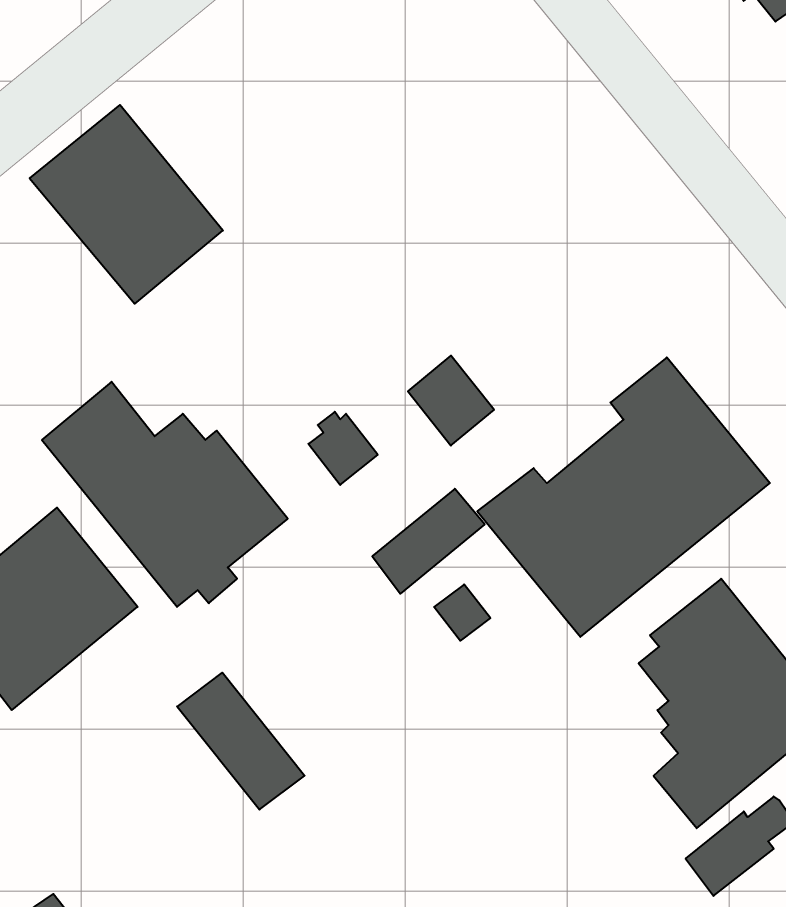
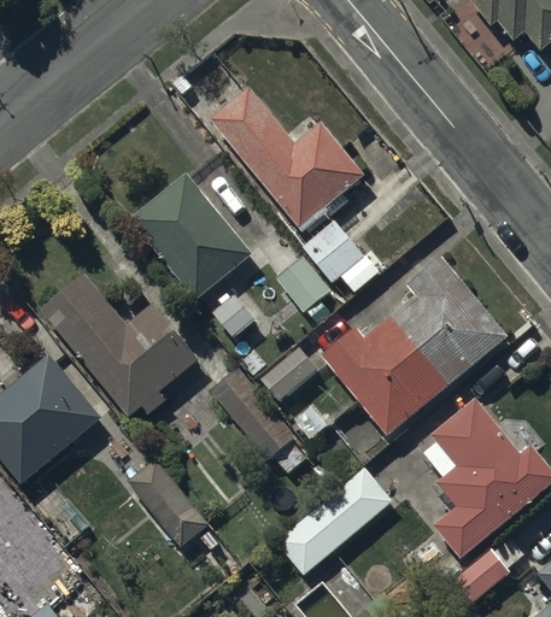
building: none -> [210,87,364,233]
building: [30,105,223,304] -> [128,174,252,301]
building: none -> [303,221,377,293]
building: none -> [210,366,305,472]
building: none -> [275,468,392,575]

